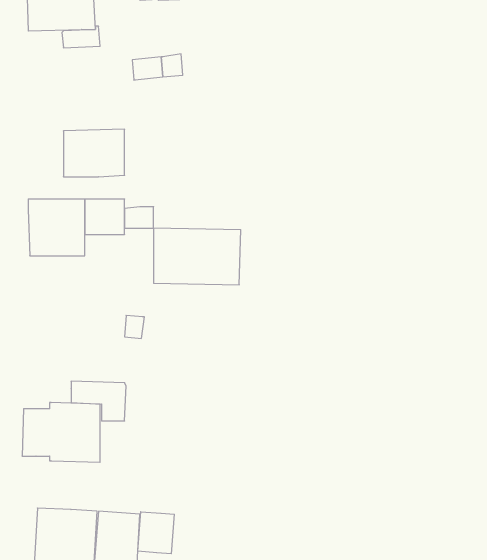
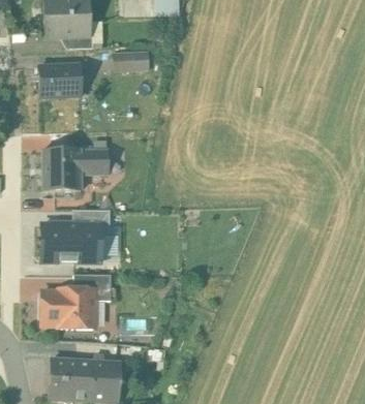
building: [63,129,125,177] -> [41,63,83,95]
building: [154,228,241,285] -> [42,223,101,261]
building: [138,512,174,554] -> none

